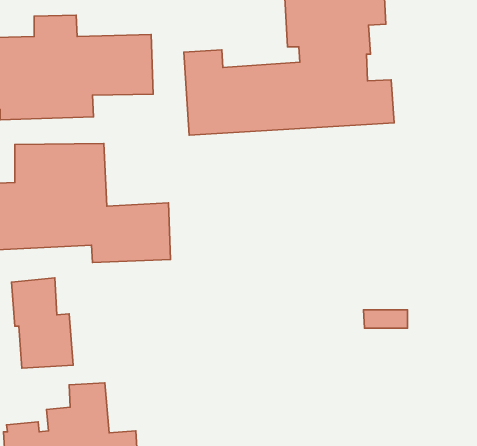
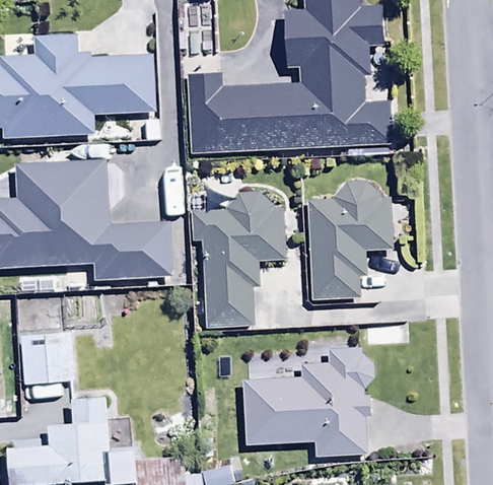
building: none -> [306,183,393,298]
building: none -> [193,192,285,327]
building: none -> [243,348,374,456]

